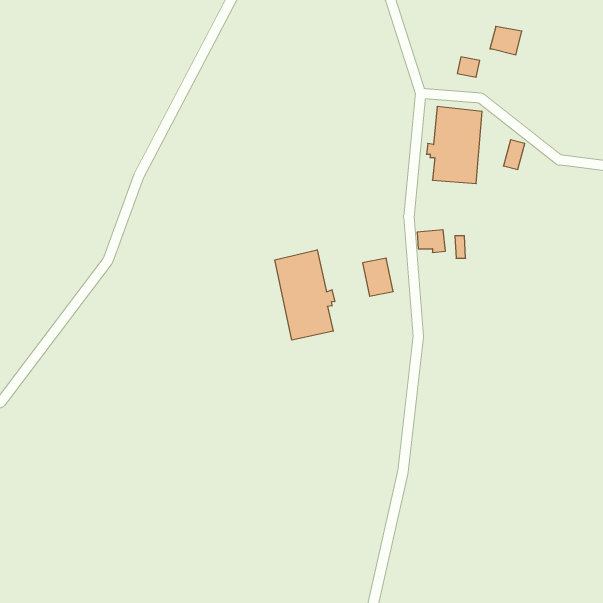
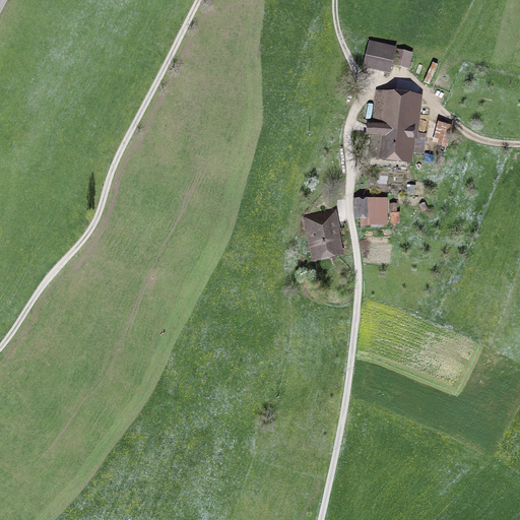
building: [490,26,522,55] -> [368,43,395,67]
building: [275,250,335,340] -> none

